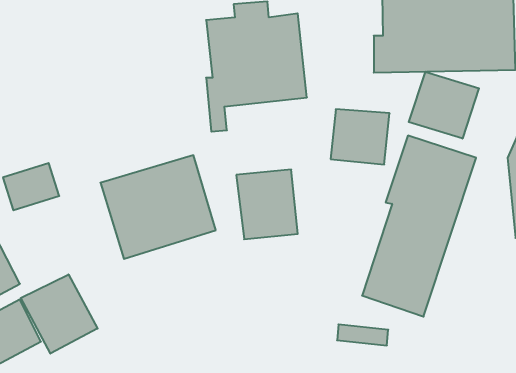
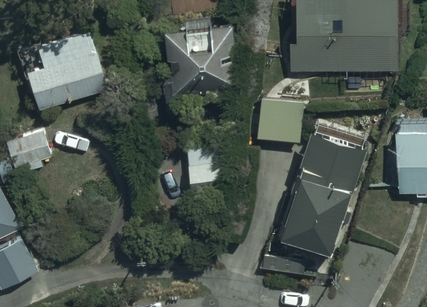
building: [409,72,479,139] -> none
building: [100,155,216,259] -> [20,33,108,112]
building: [21,274,98,354] -> none

